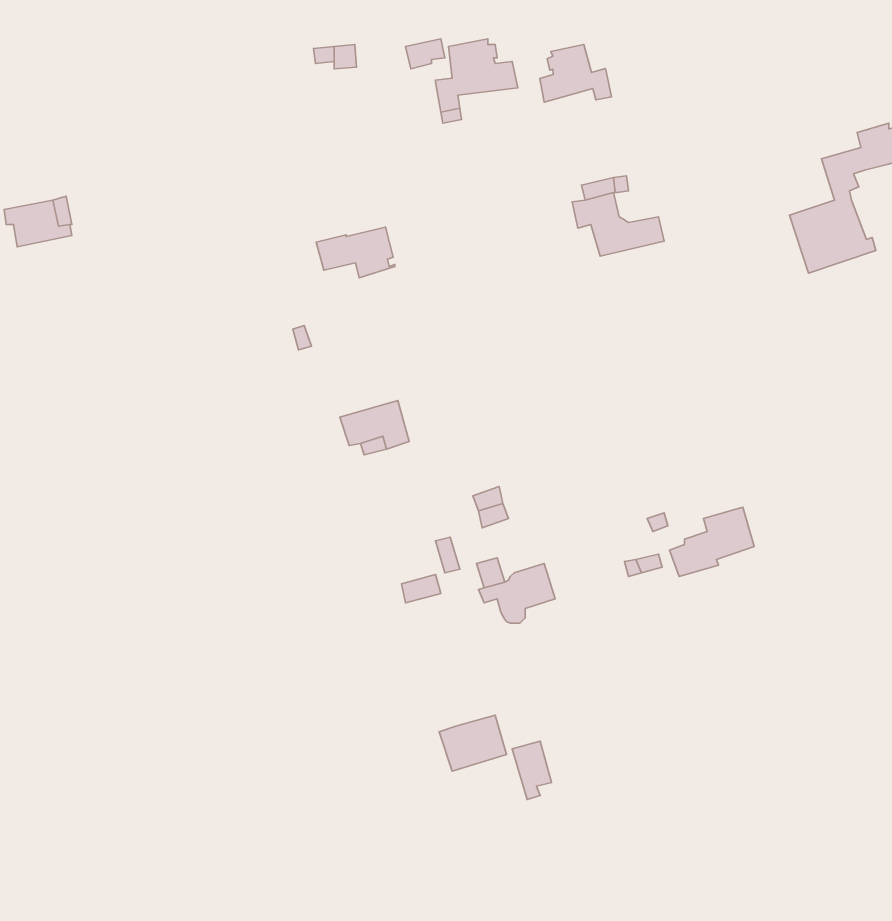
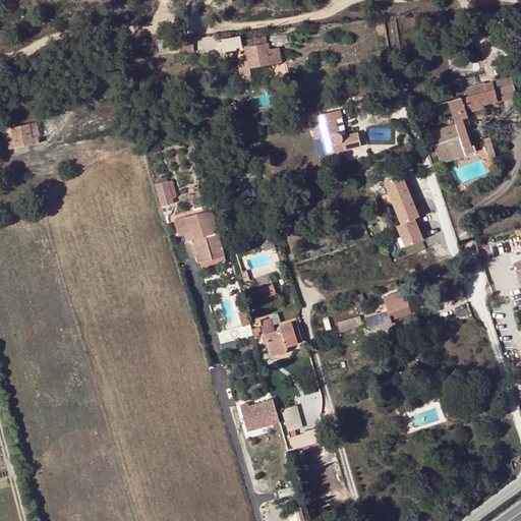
building: [540,45,612,102] -> none
building: [316,227,395,278] -> [174,211,217,238]
building: none -> [385,177,423,248]

